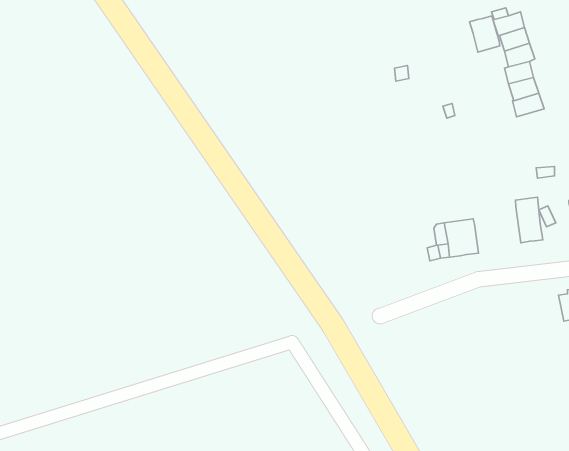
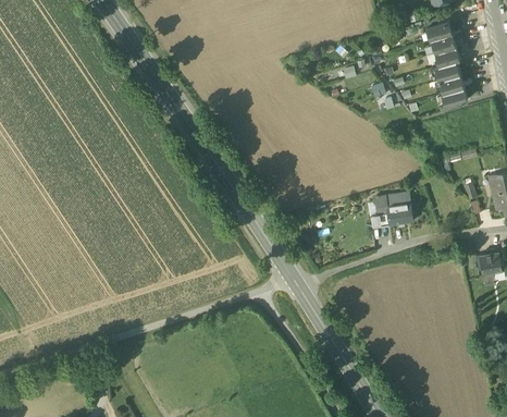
building: [470,16,500,52] -> none
building: [515,197,543,243] -> none

